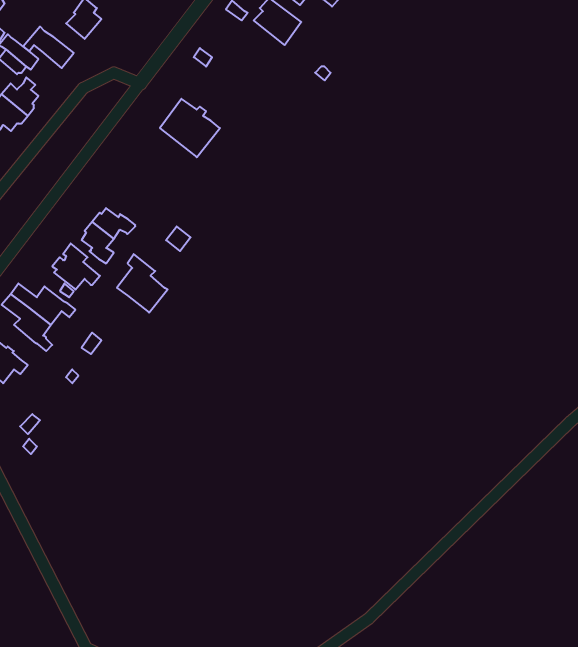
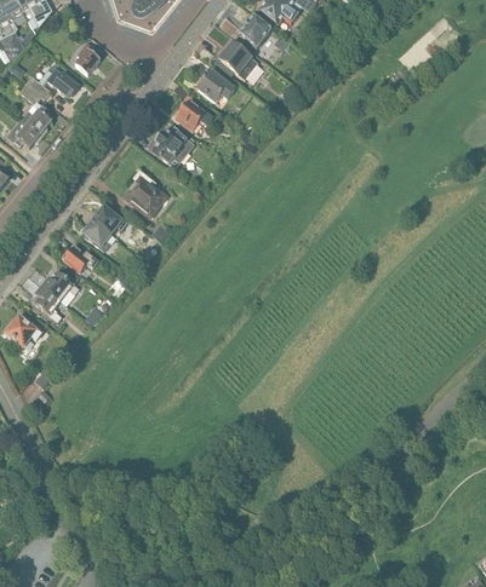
building: none -> [193,62,235,102]
building: none -> [176,99,213,131]
building: [117,254,168,313] -> [126,171,166,217]

